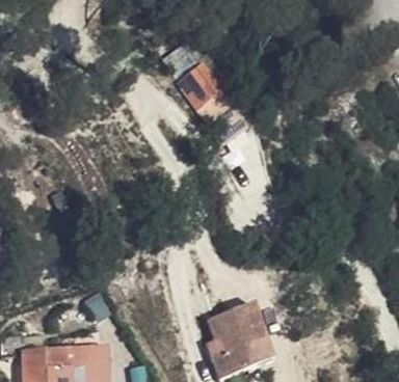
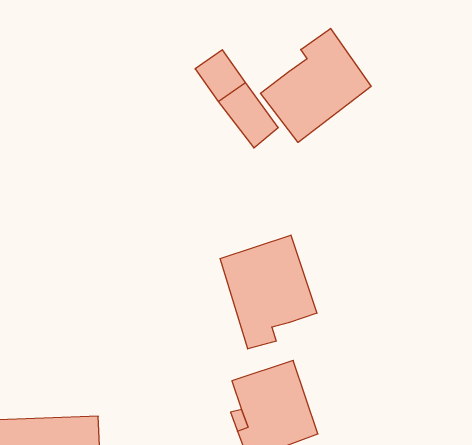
building: none -> [260,28,371,142]
building: none -> [220,235,317,349]

